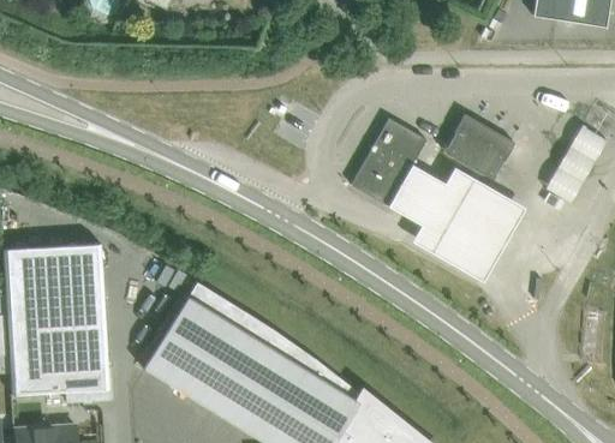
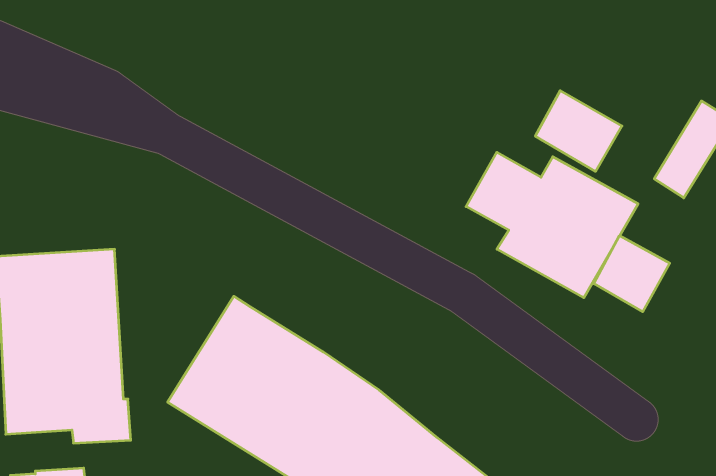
building: [351,118,425,206] -> none
building: none -> [594,236,670,312]

